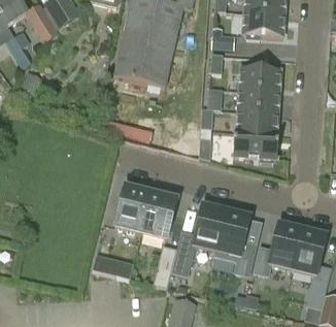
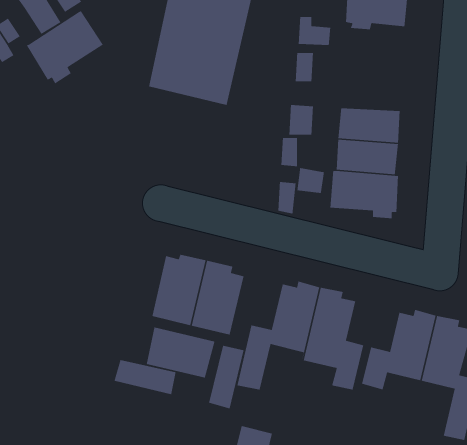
building: none -> [26,10,104,85]
building: [239,65,279,92] -> none
building: none -> [146,326,215,379]

